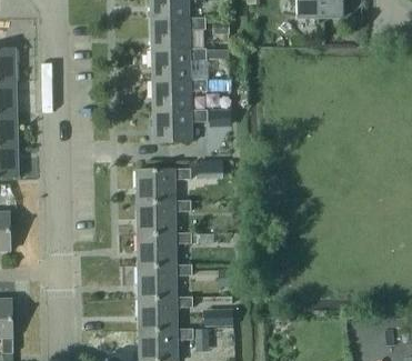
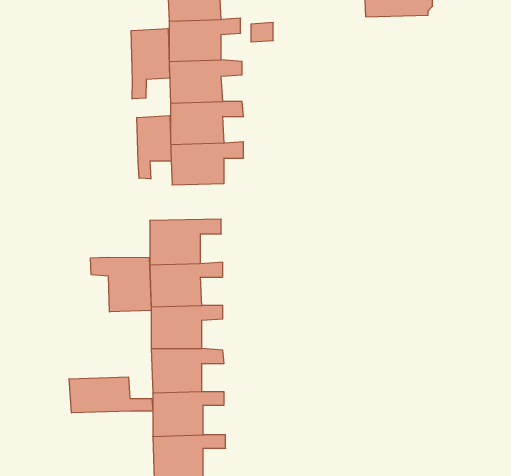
building: none -> [131,28,170,99]
building: none -> [137,116,171,179]
building: none -> [91,257,151,312]
building: none -> [69,377,153,413]

